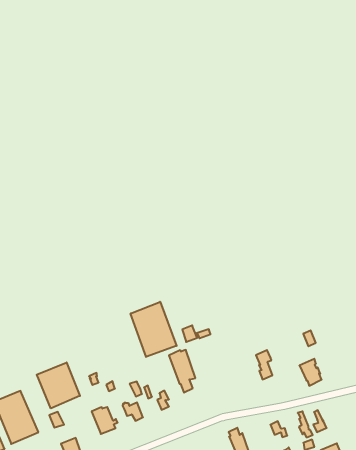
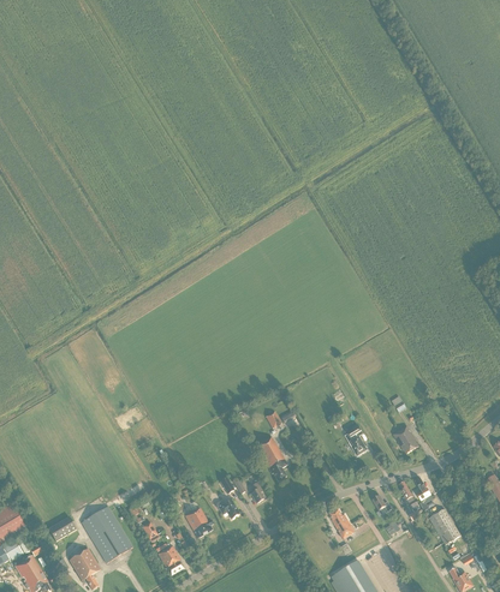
building: [131,302,177,357] -> none
building: [37,362,80,408] -> none

